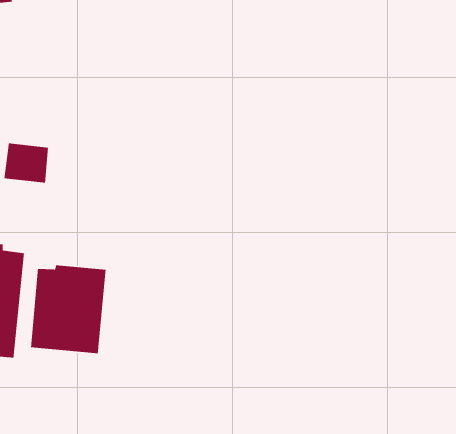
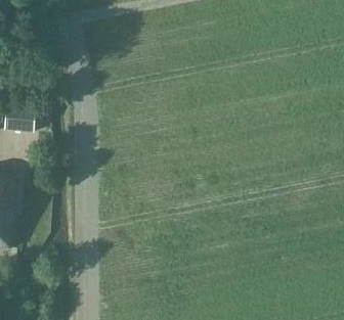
building: [30,264,106,354] -> none

